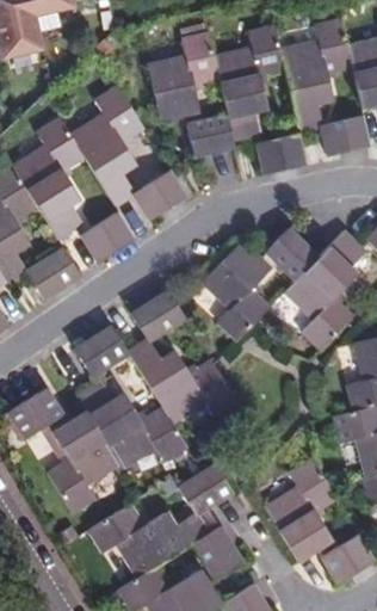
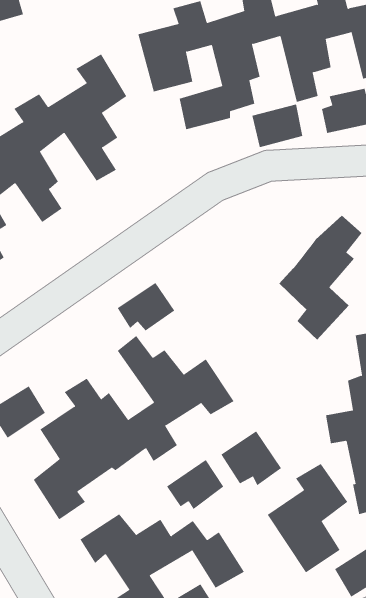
building: [134,169,185,222] -> none
building: [82,212,135,263] -> none
building: [202,220,322,340] -> none
building: [32,247,81,301] -> none
building: [76,326,129,377] -> none
building: none -> [220,430,282,486]

